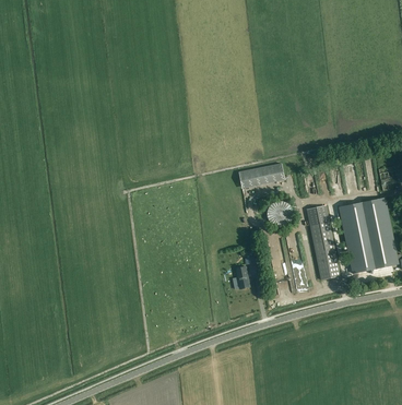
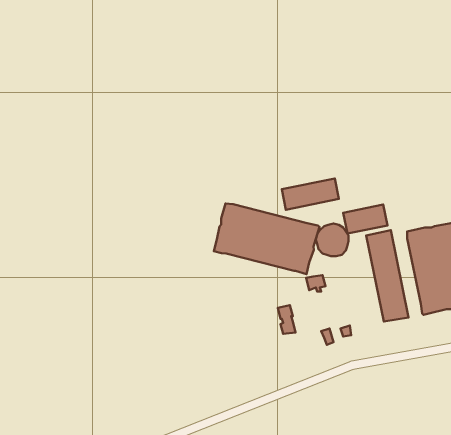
building: none -> [214,203,320,274]
building: none -> [343,205,388,234]

